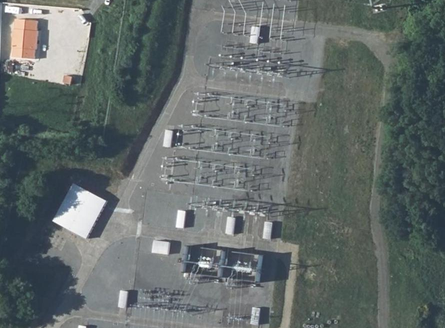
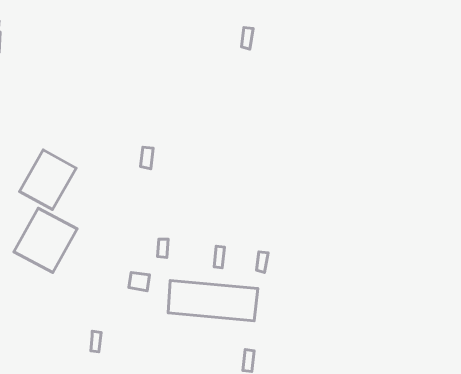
building: none -> [20,150,76,210]

